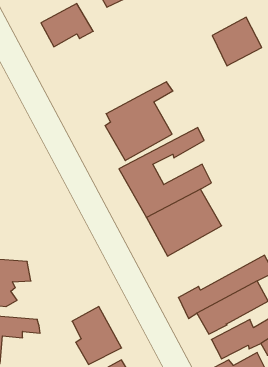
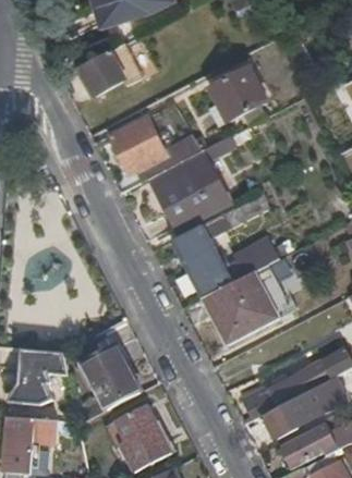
building: [212,17,262,66] -> [211,66,270,124]
building: none -> [111,119,206,187]
building: none -> [74,346,143,428]

